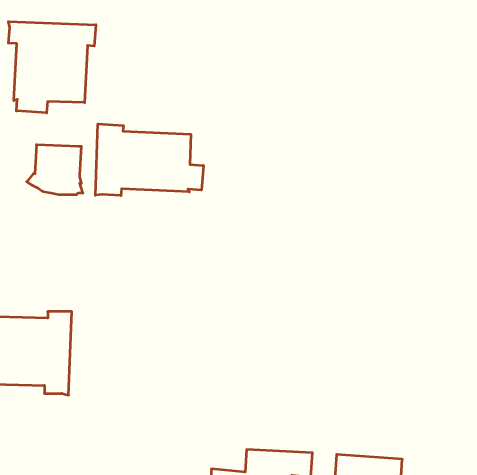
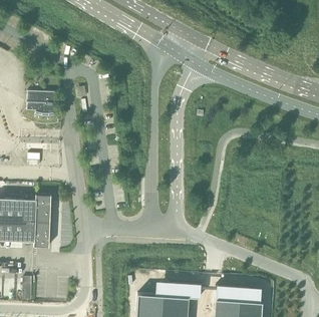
building: [8,22,96,113] -> none
building: [95,124,203,196] -> none

